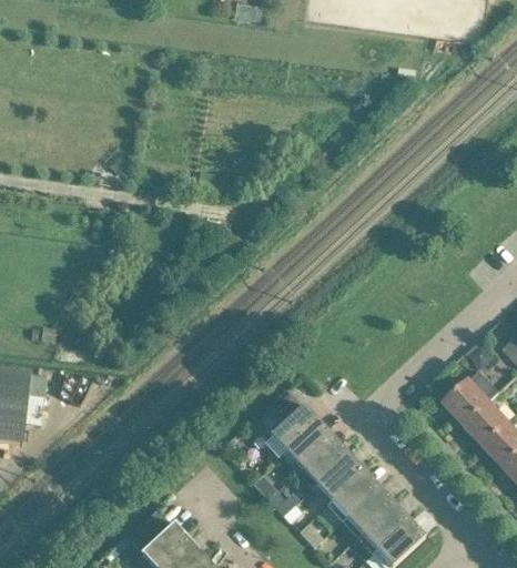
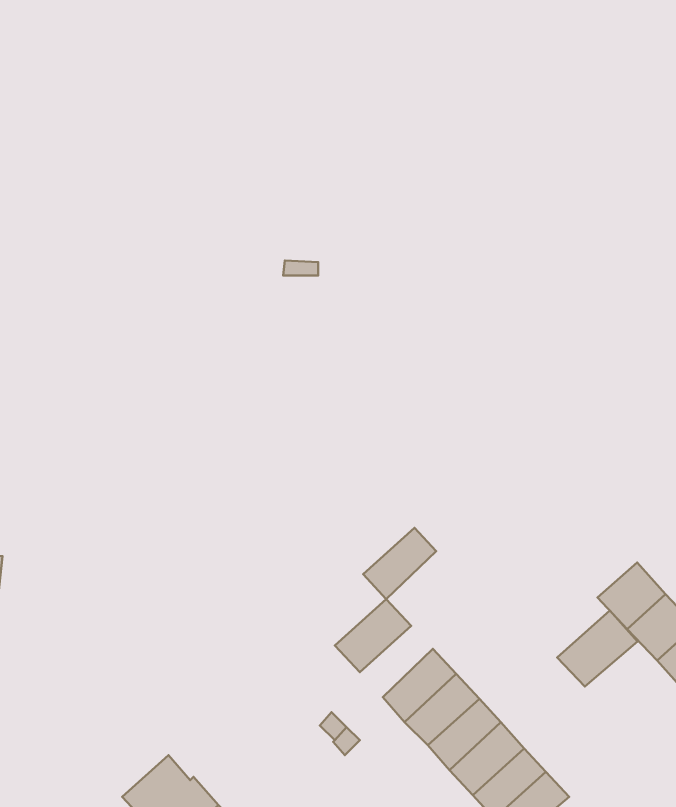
building: none -> [557,611,637,687]
building: [285,423,334,470] -> [363,528,436,599]

